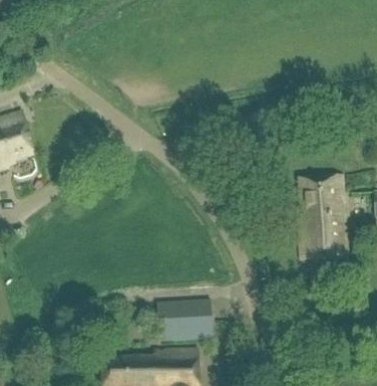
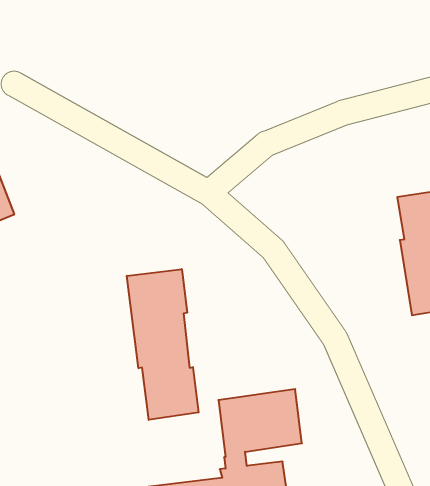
building: none -> [127,269,199,420]

